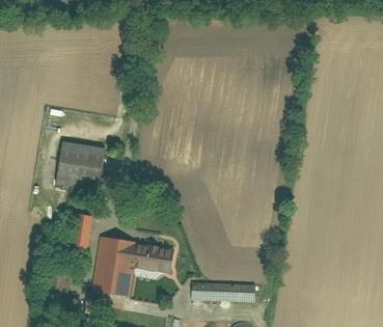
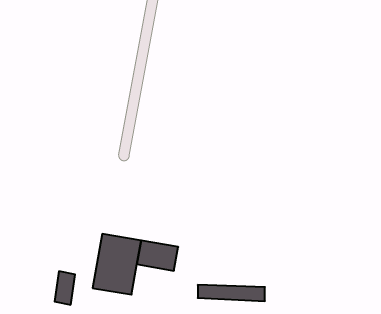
building: [57,142,106,187] -> none
building: [72,213,91,245] -> [55,271,75,305]

